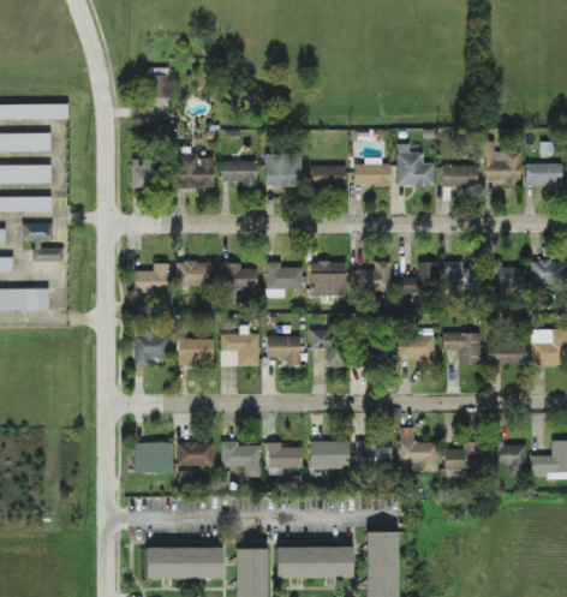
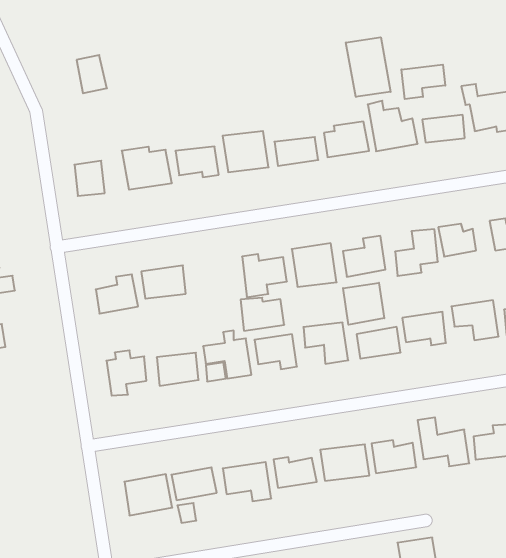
building: none -> [346,37,391,97]
building: none -> [401,65,445,99]
building: [221,263,257,291] -> [241,298,284,331]
building: none -> [343,283,384,325]

